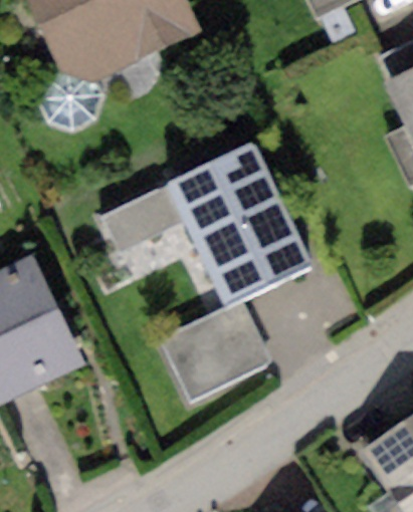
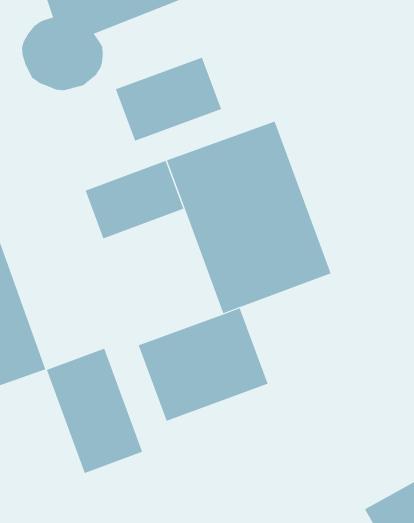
building: none -> [115,57,222,141]
building: none -> [46,348,143,474]

